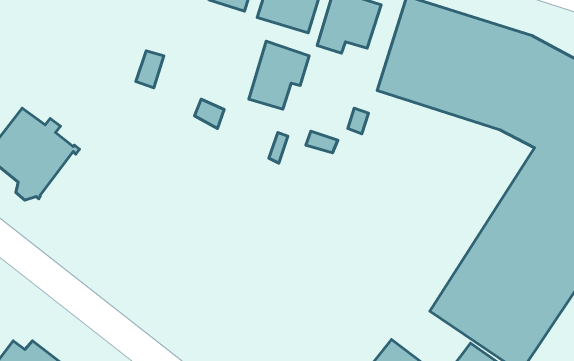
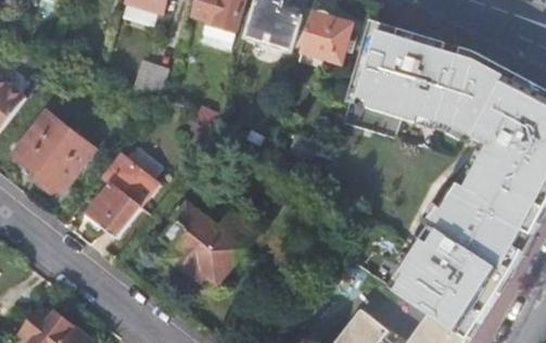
building: [249,41,309,109] -> none
building: none -> [85,153,157,236]
building: none -> [161,204,255,282]

